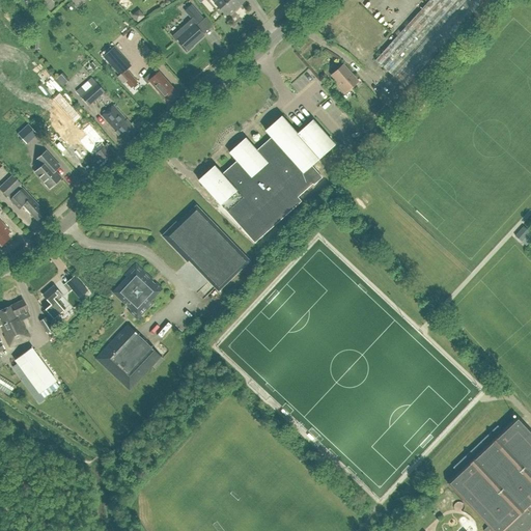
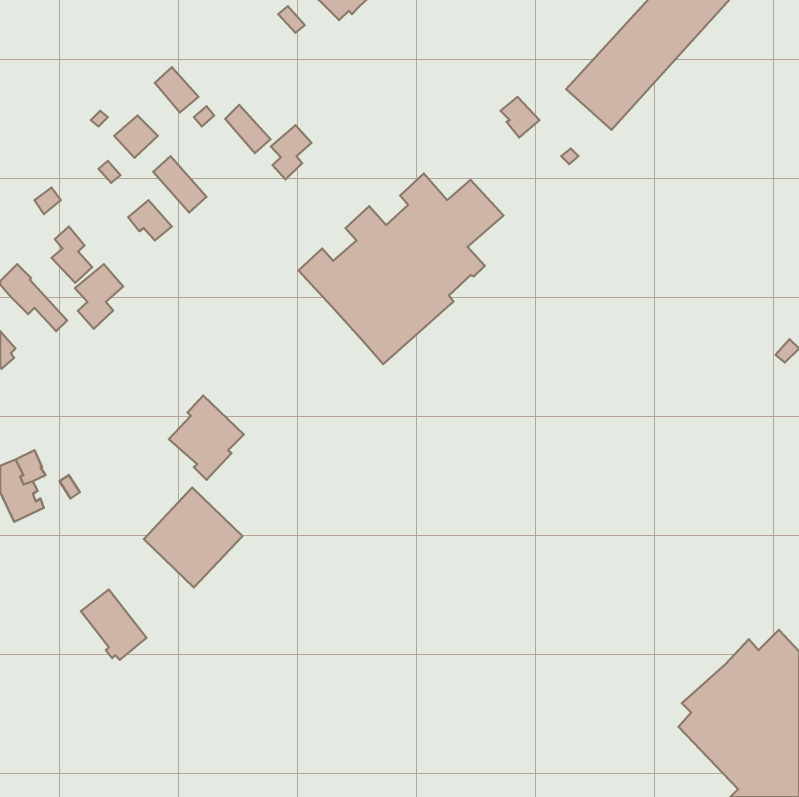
building: [172,21,203,51] -> none
building: none -> [271,125,311,179]
building: none -> [75,264,123,329]
building: [162,204,249,290] -> none
building: [43,285,64,318] -> none
building: [15,346,58,393] -> [81,589,146,660]

